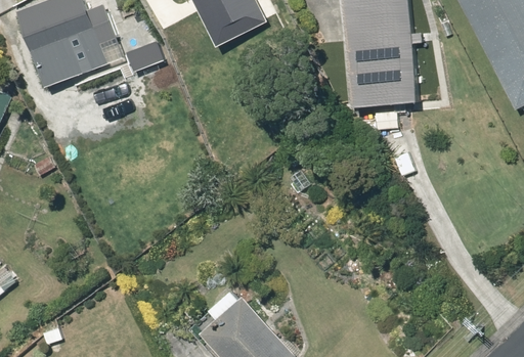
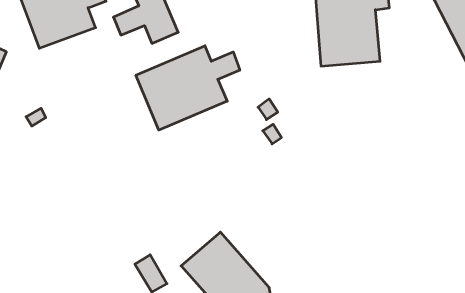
building: none -> [136,46,240,130]

